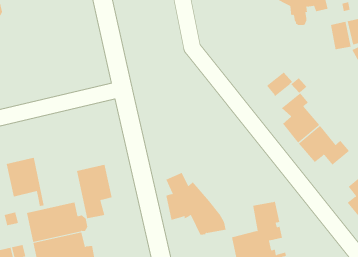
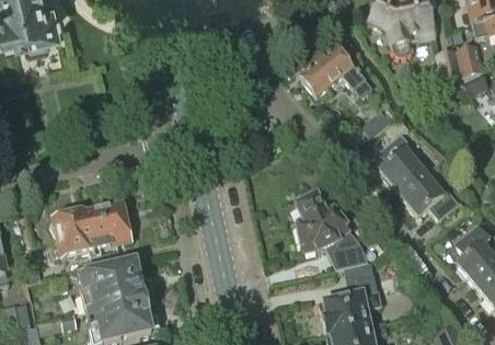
building: none -> [299,45,371,96]
building: [76,164,112,219] -> [87,200,129,265]
building: [165,172,227,235] -> [296,193,368,267]

